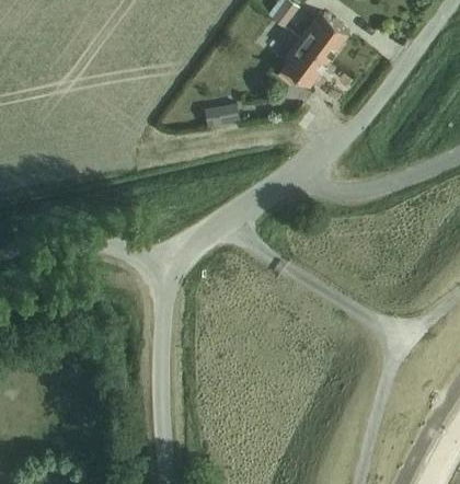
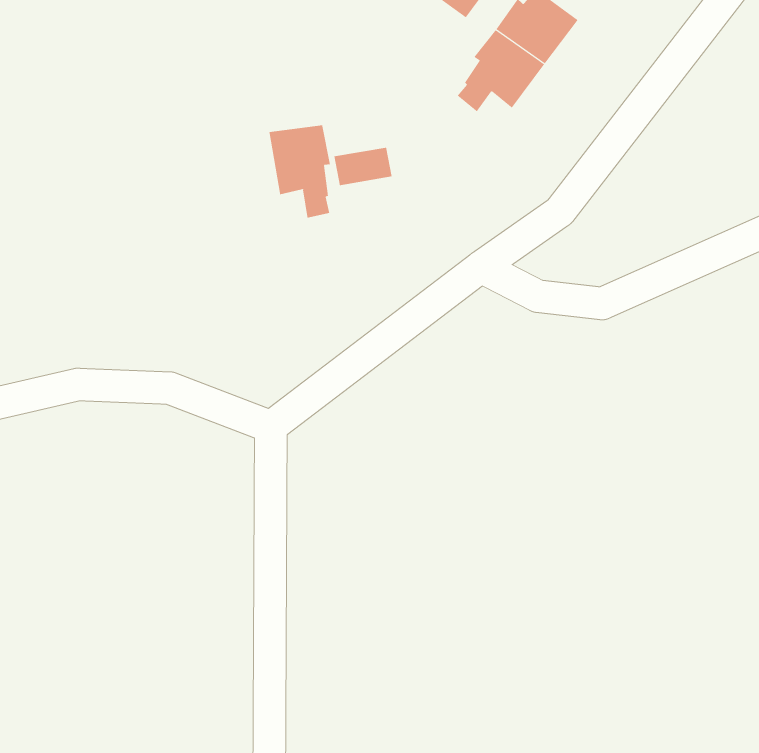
building: none -> [269,125,330,219]

